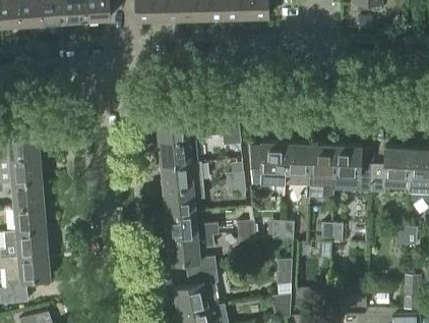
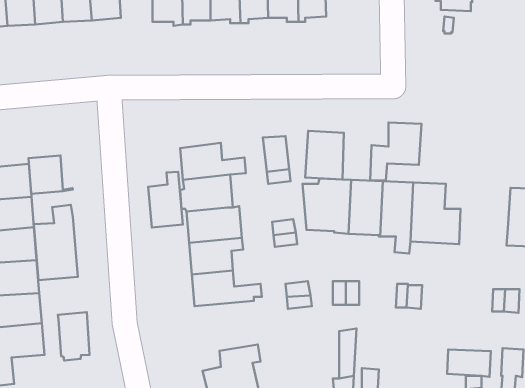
building: none -> [305,131,344,179]
building: none -> [29,156,73,194]
building: none -> [148,172,183,228]
building: [371,148,411,193] -> [370,123,421,181]
building: none -> [34,205,78,280]
building: [167,236,216,275] -> none
building: none -> [58,312,89,360]
building: none -> [447,349,491,377]

